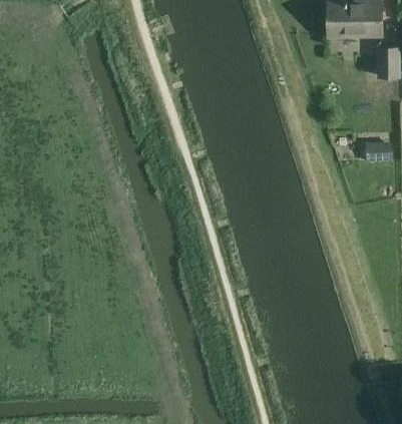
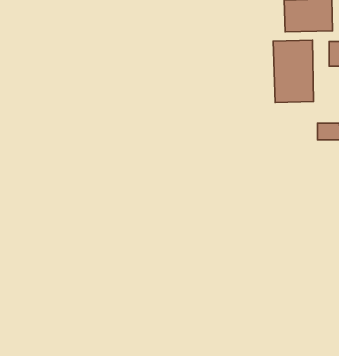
building: none -> [273,40,314,102]

